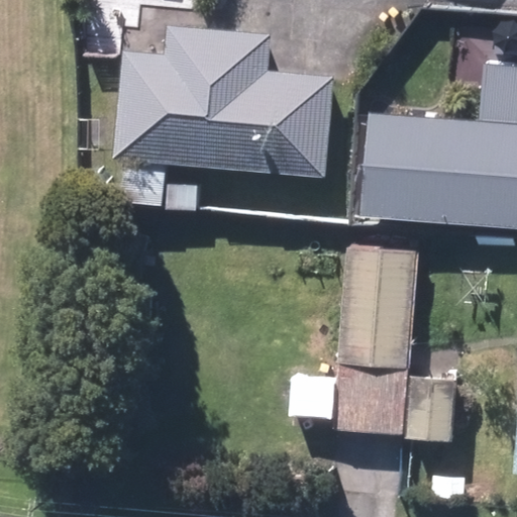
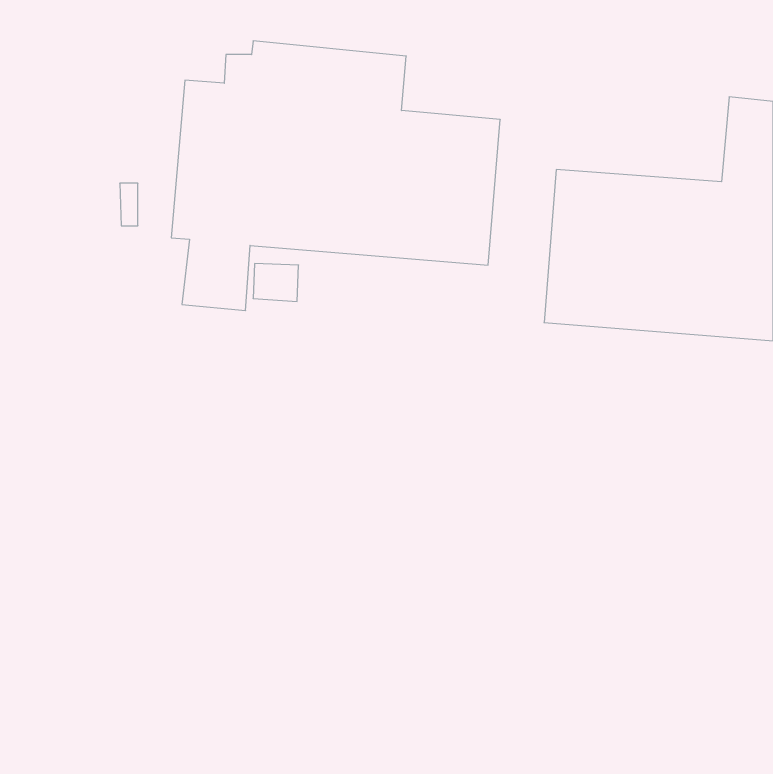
building: [334,250,415,435] -> none

